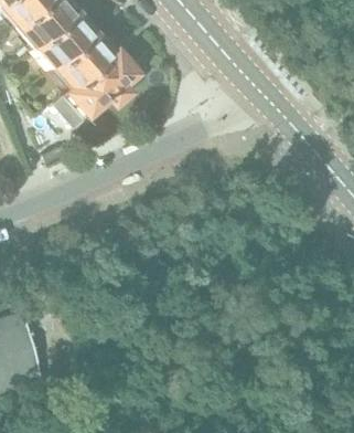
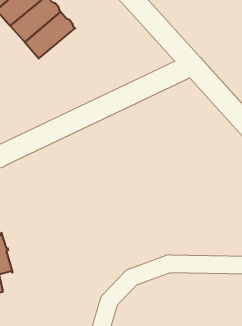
building: [45,52,137,127] -> none

